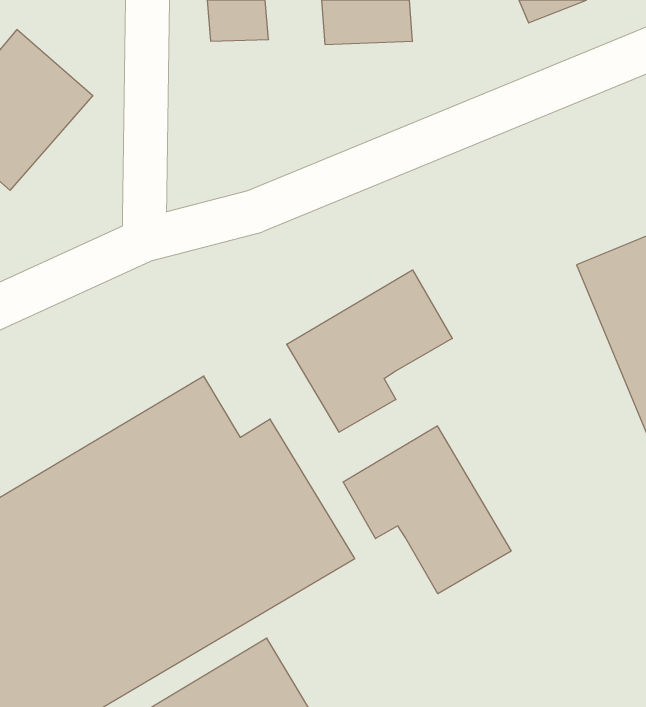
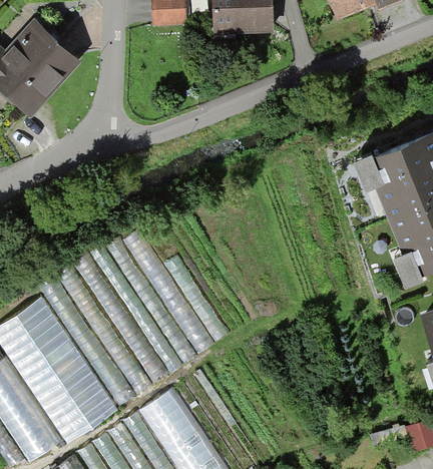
building: [287,270,452,432] -> none
building: [343,426,511,594] -> none

